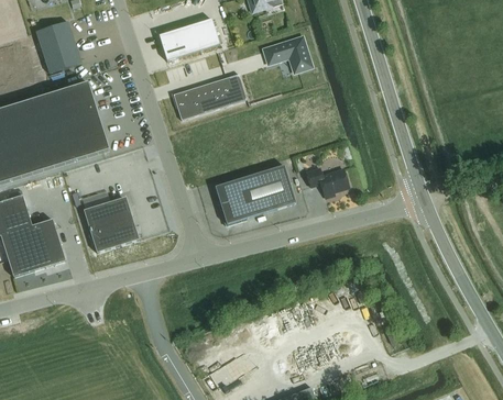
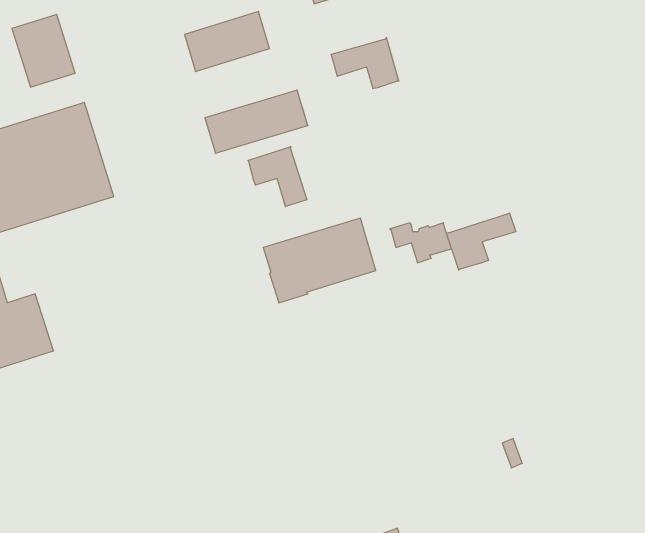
building: none -> [248,147,307,207]
building: none -> [446,213,516,270]
building: [83,197,139,252] -> none

